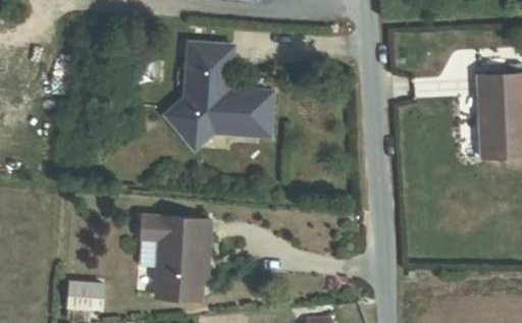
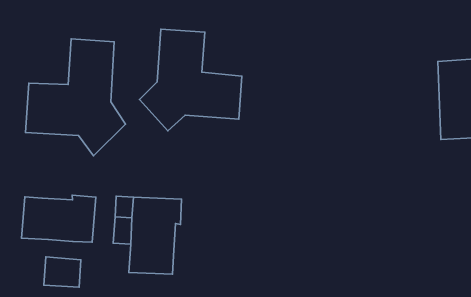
building: none -> [26,39,125,156]
building: none -> [21,195,96,242]

